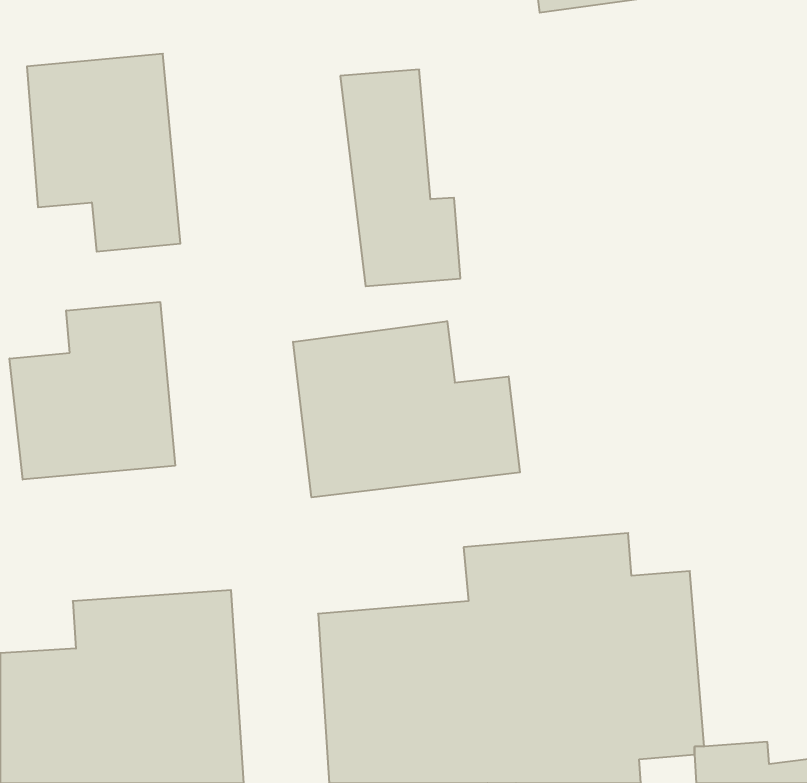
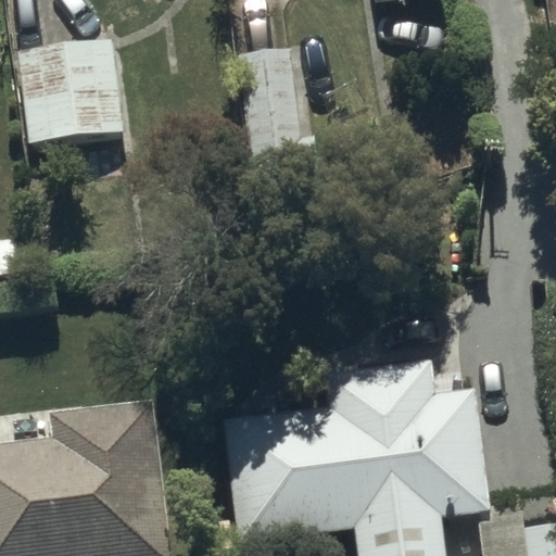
building: [10,302,175,480] -> none
building: [293,321,520,497] -> none

